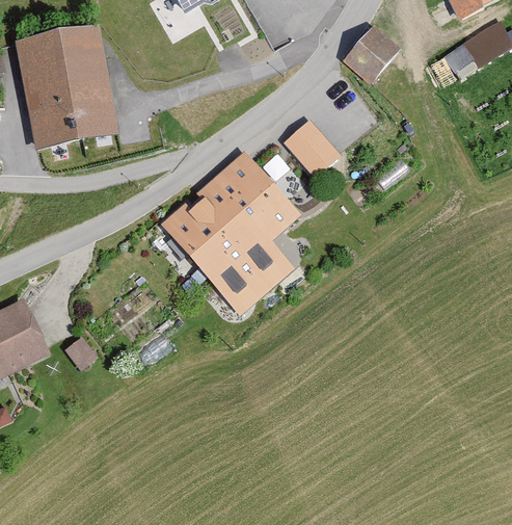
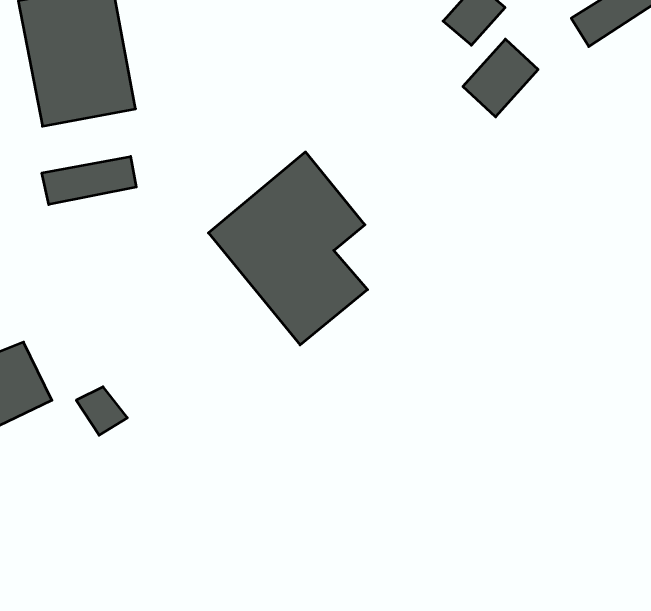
building: none -> [463,39,538,117]
building: [286,122,336,174] -> none
building: none -> [42,156,136,205]

